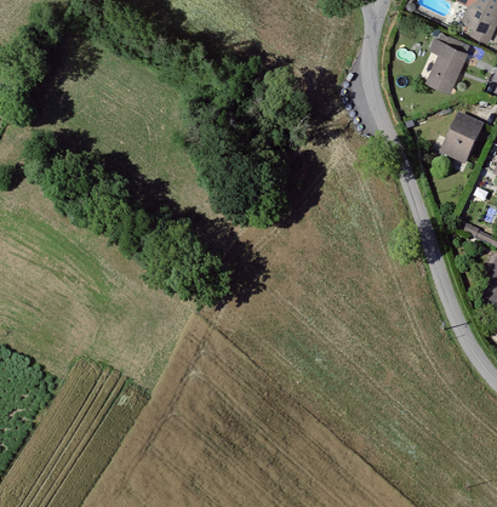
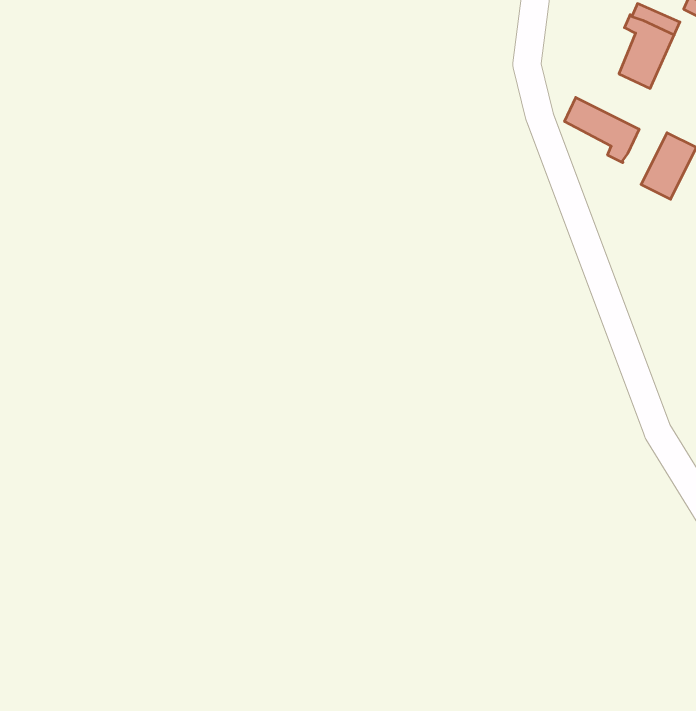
building: none -> [565,97,639,163]

